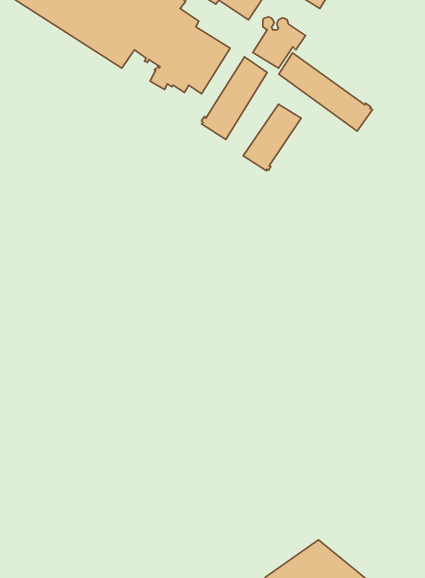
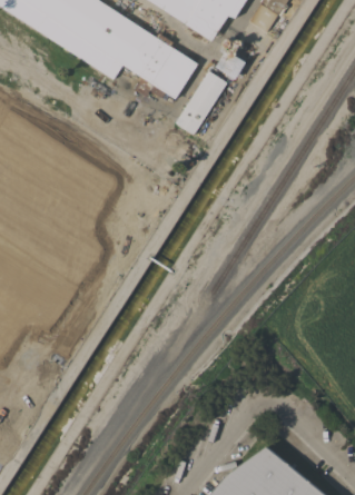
building: [279,53,372,131] -> none
building: [243,104,301,171] -> none

